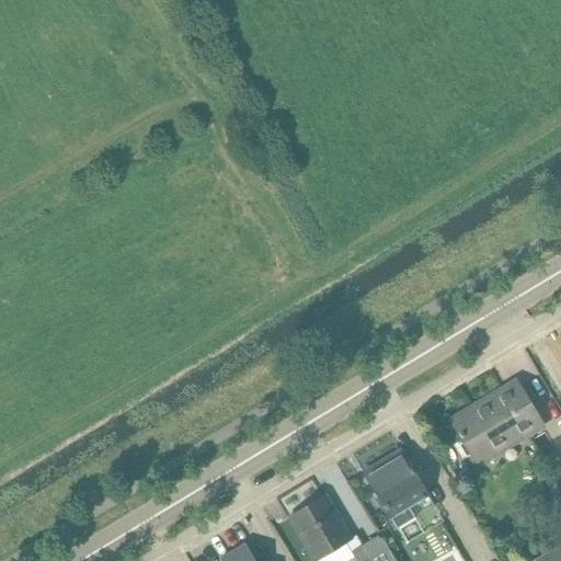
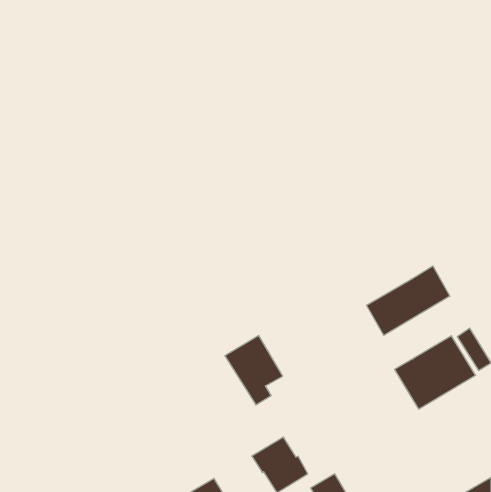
building: none -> [367,266,450,335]
building: [360,450,426,529] -> [225,336,283,405]

